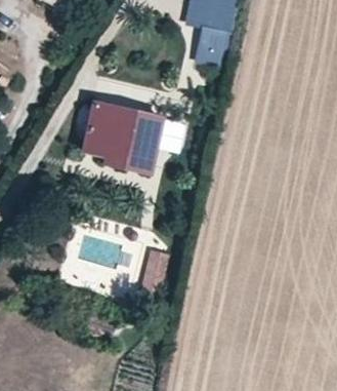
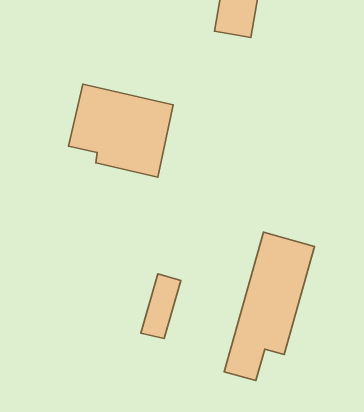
building: none -> [224,232,315,380]

